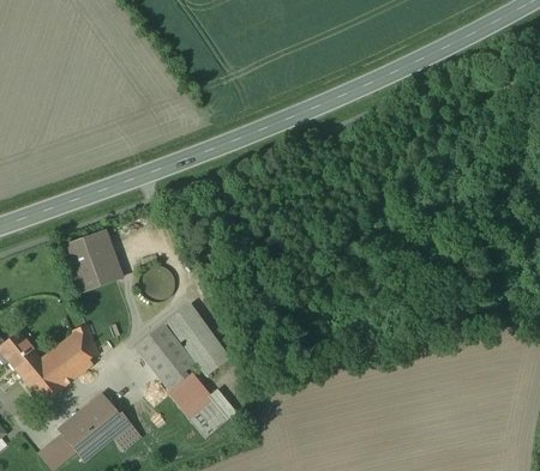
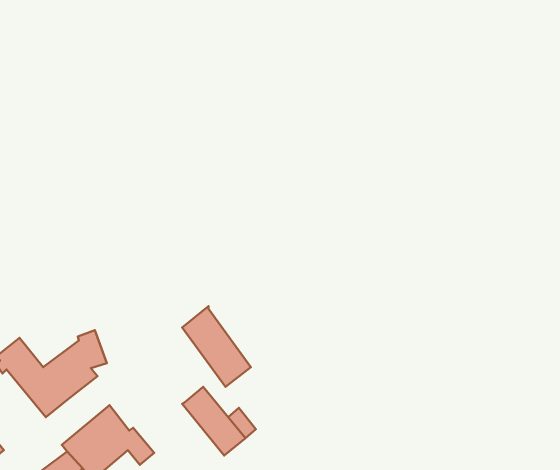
building: [60,230,122,292] -> none
building: [139,265,175,301] -> none
building: [134,322,194,390] -> none

